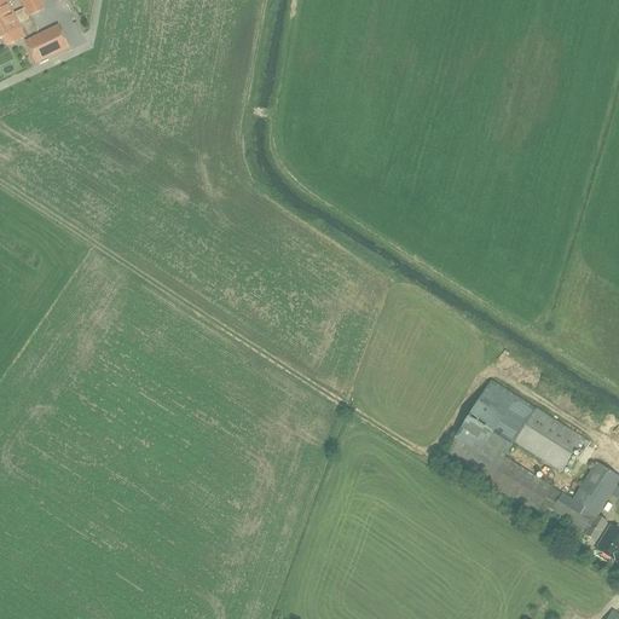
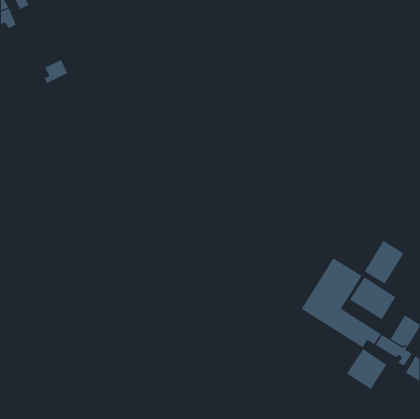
building: [31,24,68,60] -> [44,59,68,84]
building: none -> [364,240,404,285]
building: none -> [346,348,387,390]

